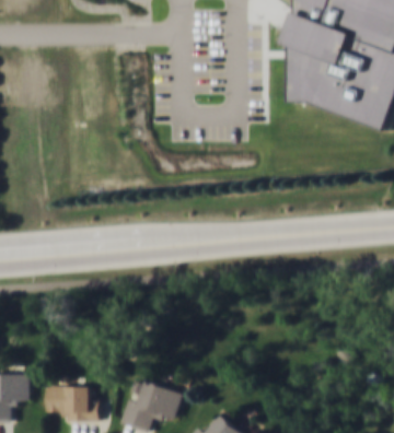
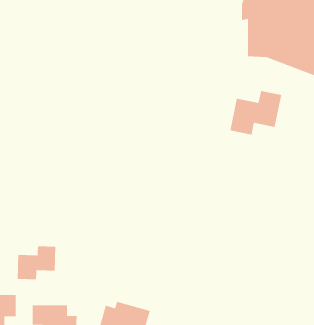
building: none -> [229,90,282,135]
building: none -> [17,246,56,280]

